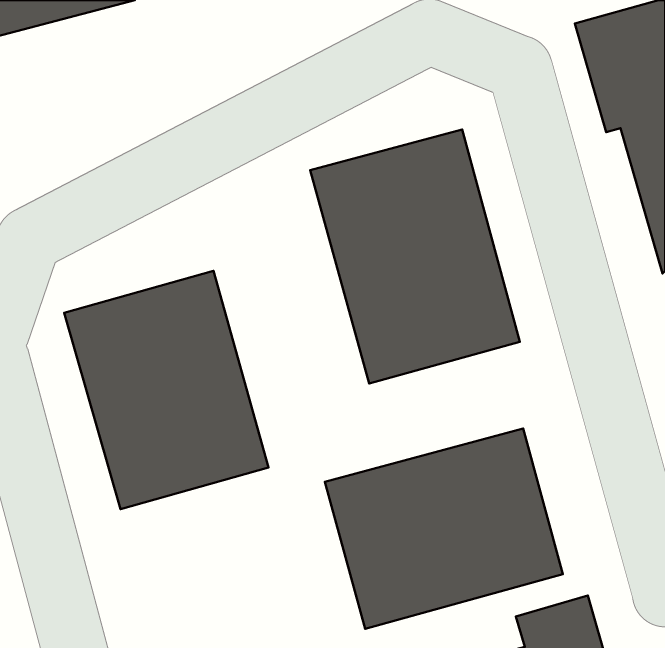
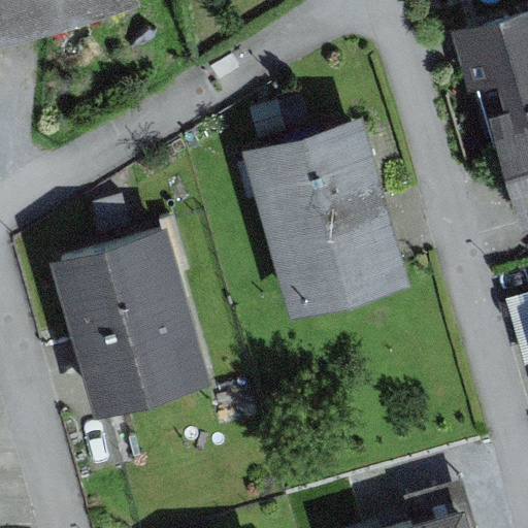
building: [325,428,563,629] -> none

